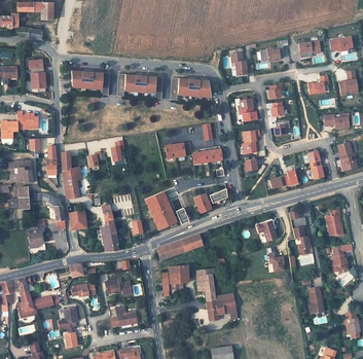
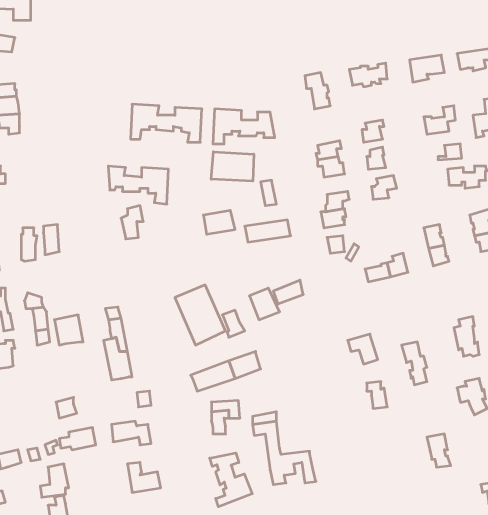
building: [71,70,110,95] -> [108,166,168,204]
building: none -> [211,152,254,181]
building: [62,167,81,199] -> none
building: none -> [210,453,252,507]

